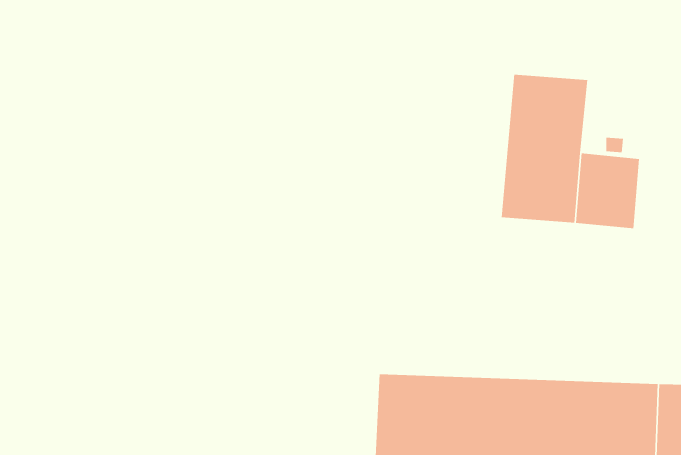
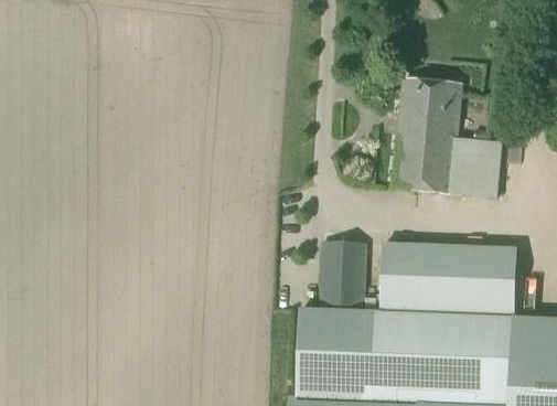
building: none -> [319,242,372,308]
building: none -> [382,245,516,314]

